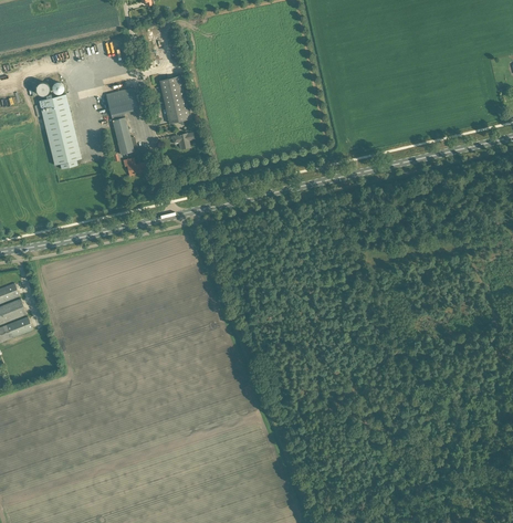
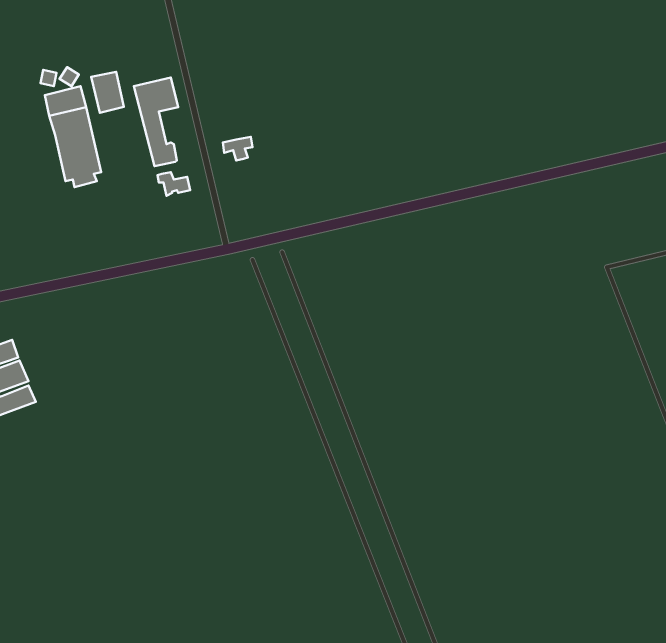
building: [158,75,189,124] -> none
building: none -> [91,72,124,113]

